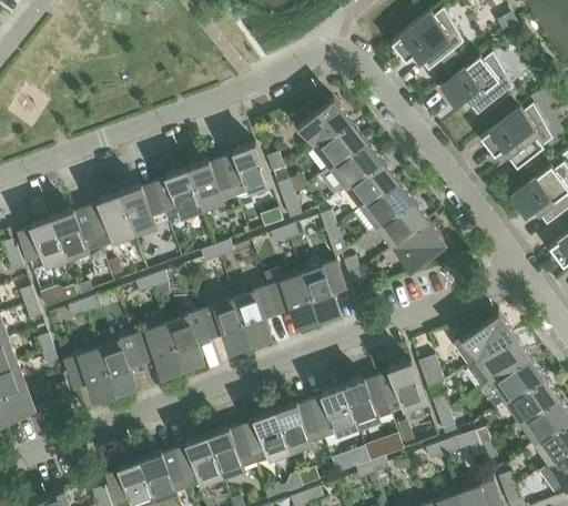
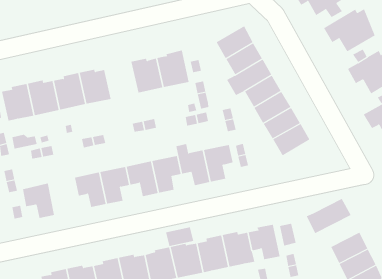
building: [154,169,203,223] -> none
building: [466,334,528,388] -> none
building: [100,335,142,389] -> none
building: none -> [166,227,194,247]

